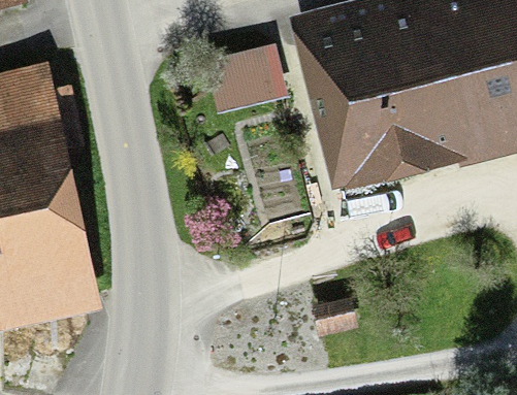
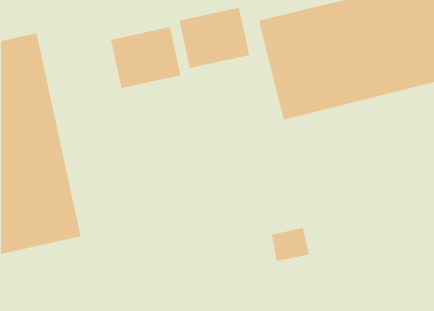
building: none -> [110,26,181,89]

